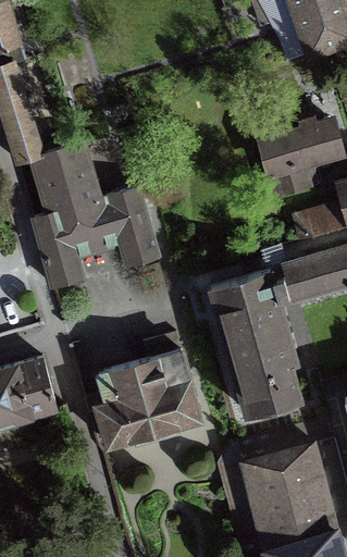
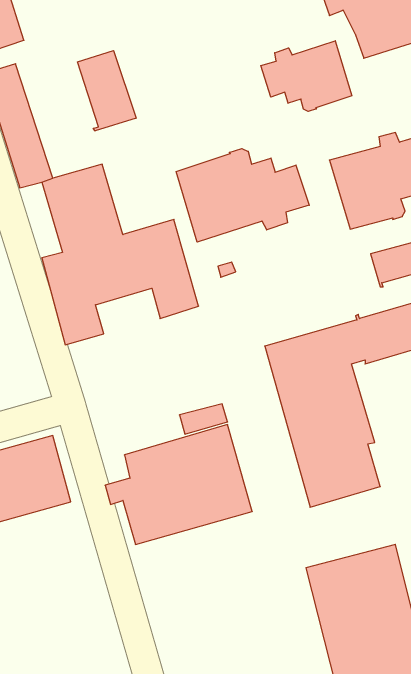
building: none -> [261,41,352,111]
building: none -> [78,51,136,131]
building: none -> [176,149,309,242]

